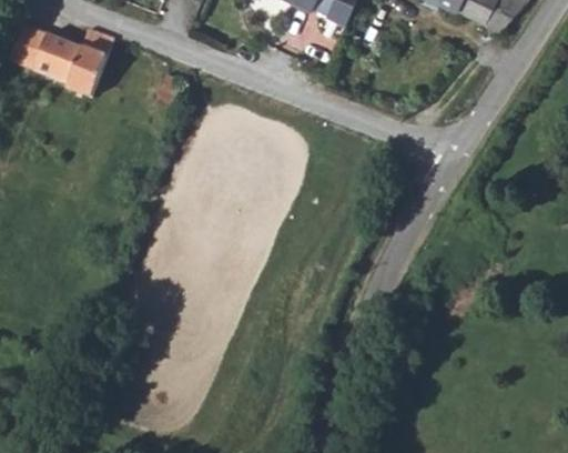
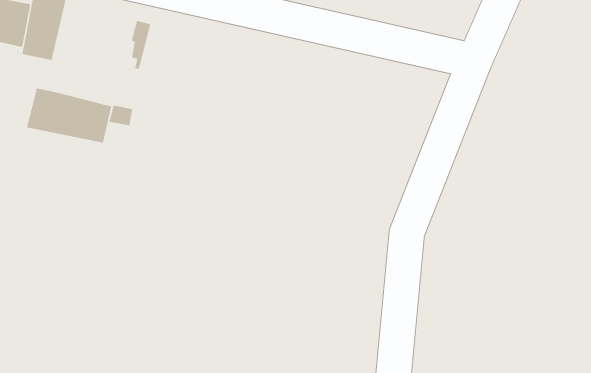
building: none -> [26,87,112,144]

